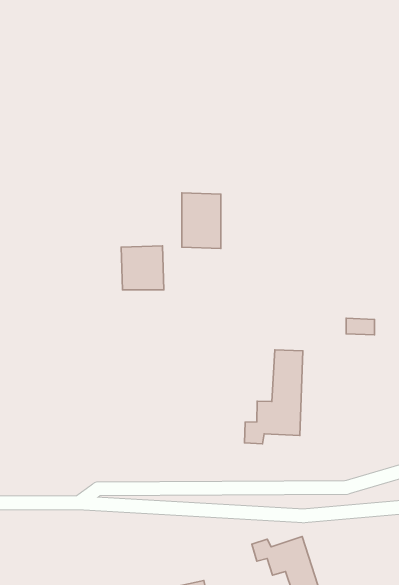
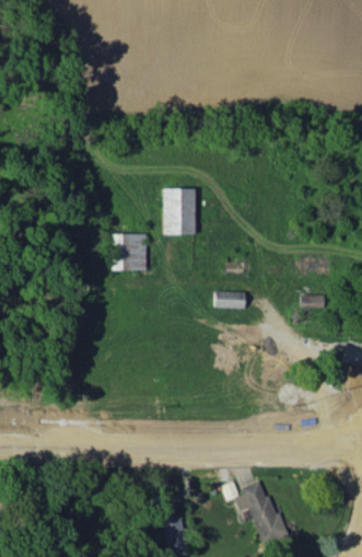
building: none -> [215,291,246,309]
building: [245,350,303,444] -> none

